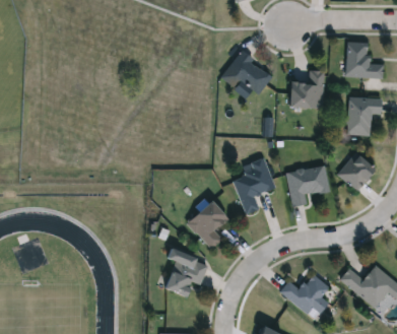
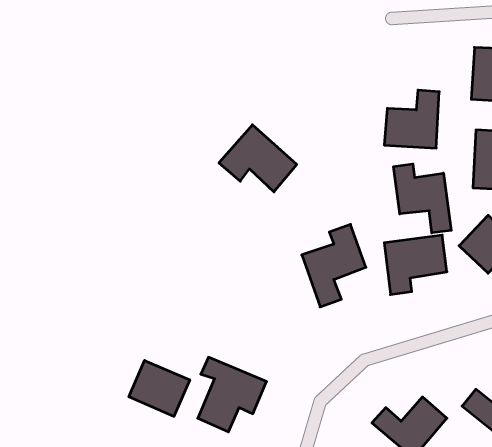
building: [220,51,272,95] -> [219,125,297,192]
building: none -> [394,164,451,233]
building: [186,201,226,250] -> none
building: none -> [129,360,190,416]

